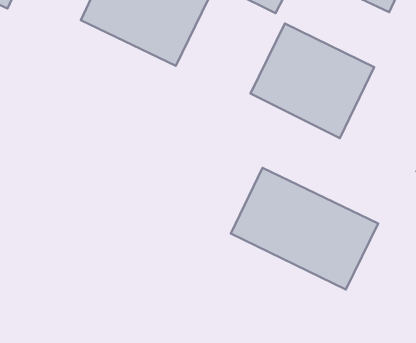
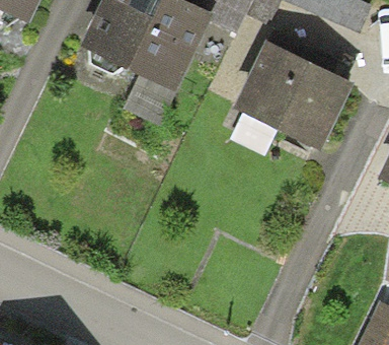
building: [231,168,378,290] -> none

